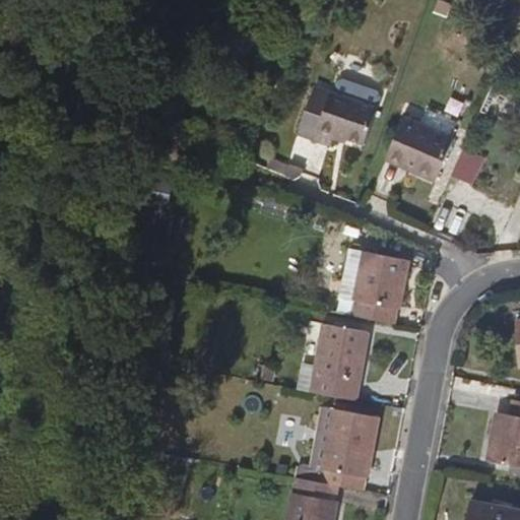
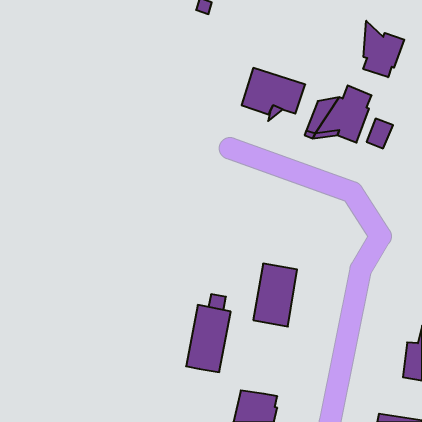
building: none -> [363,21,404,77]
building: [350,253,406,326] -> none
building: [324,407,379,490] -> [186,305,231,372]

